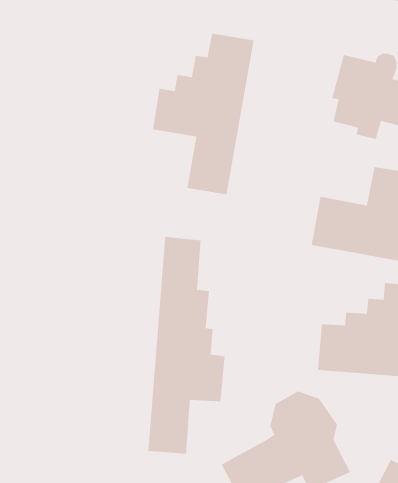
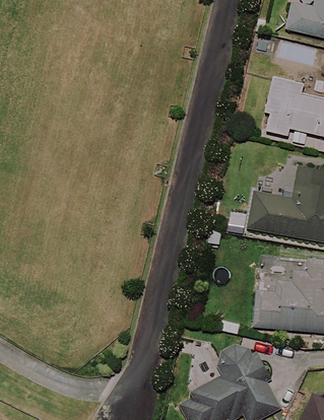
building: [153,33,254,195] -> none
building: [148,236,225,454] -> none

